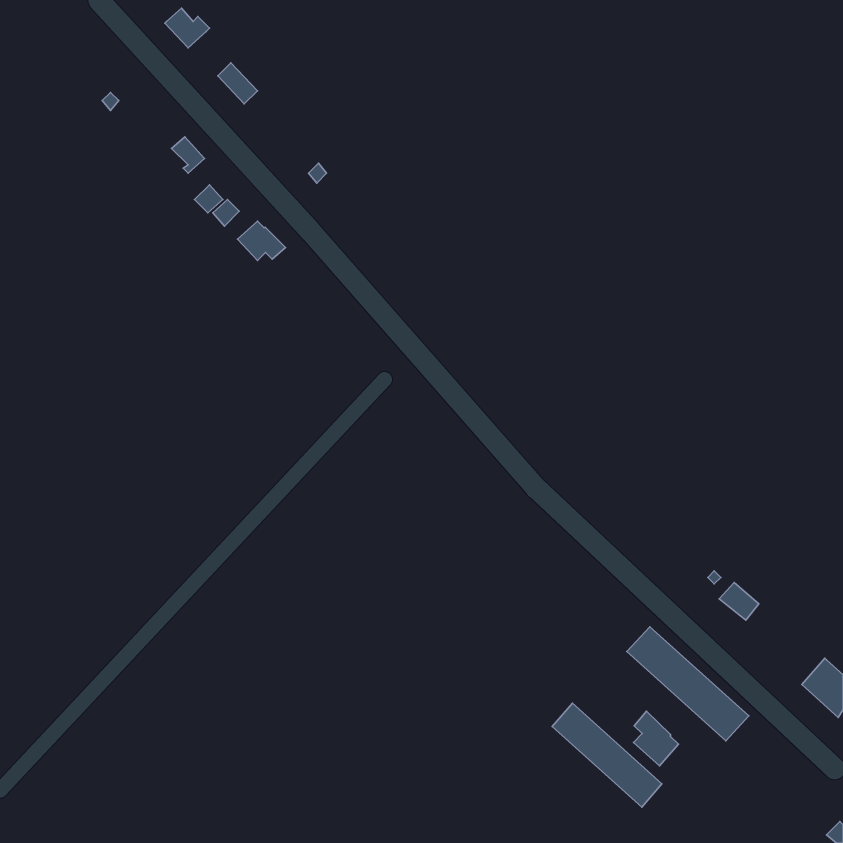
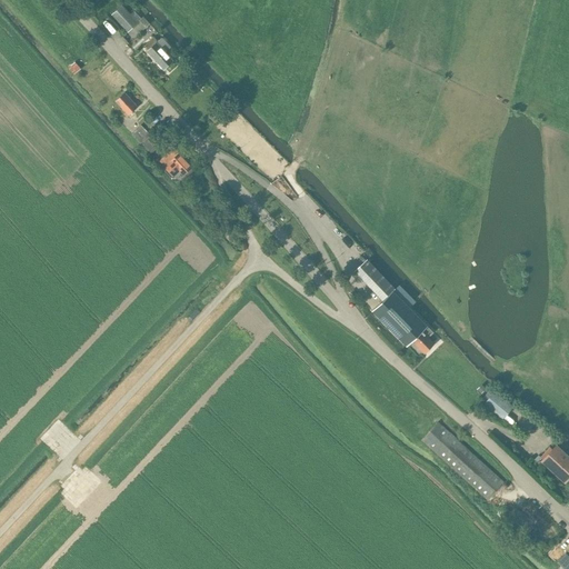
building: none -> [355,259,435,353]
building: [552,703,662,807] -> none
building: [633,711,679,766] -> none

